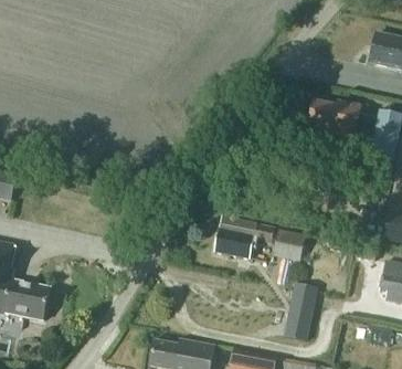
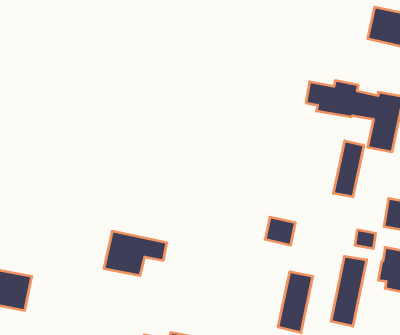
building: none -> [333,141,364,197]
building: [212,215,272,257] -> [104,231,167,276]
building: none -> [331,256,367,326]

